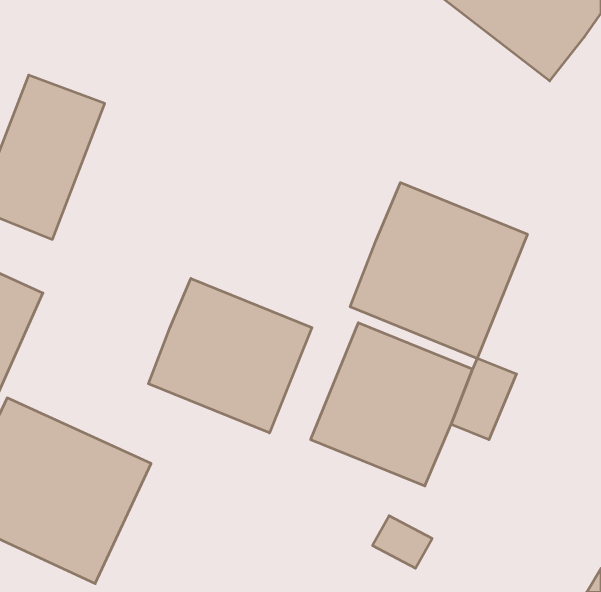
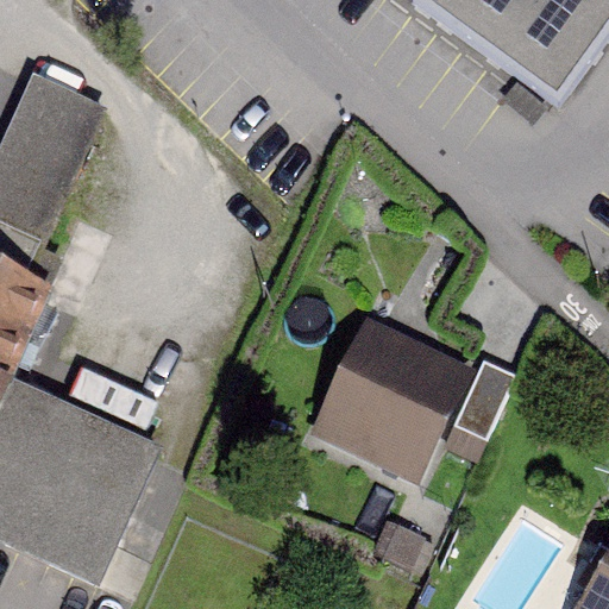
building: [350,183,527,359] -> none
building: [148,278,312,433] -> none

